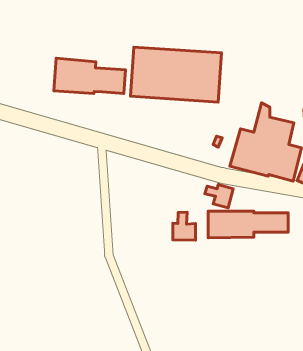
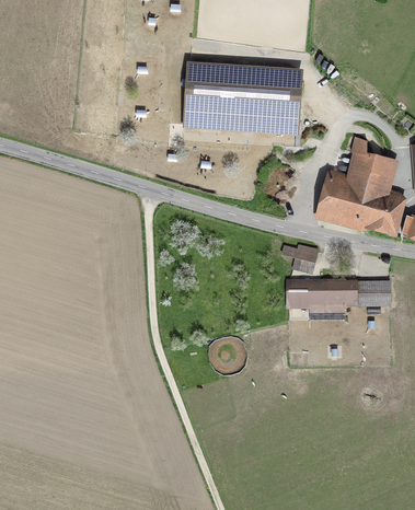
building: [54,58,125,93] -> none
building: [173,212,196,240] -> none

